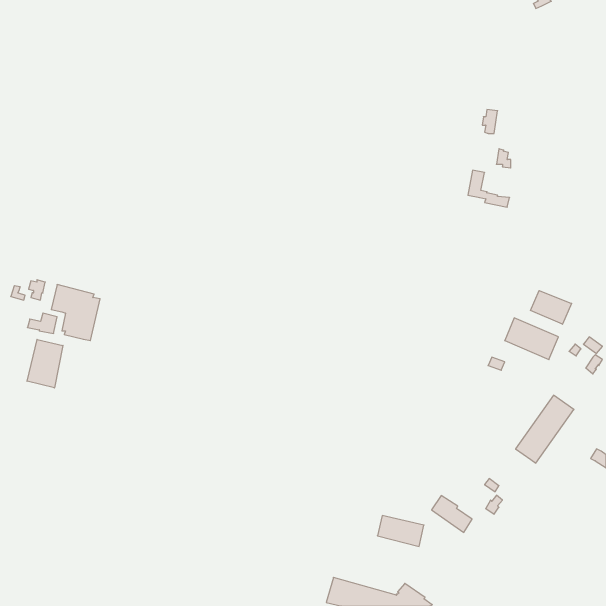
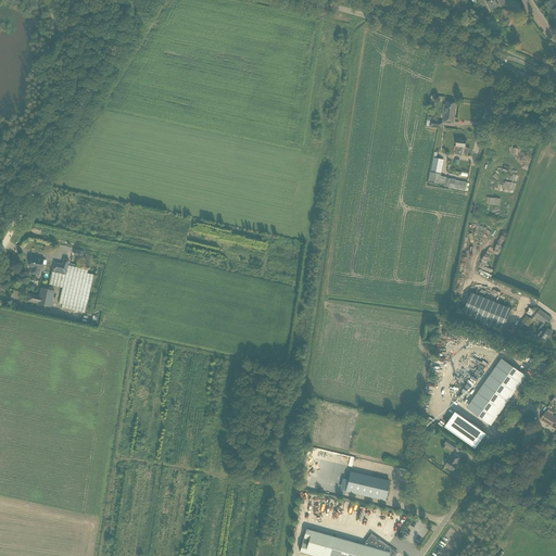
building: [531,291,572,324] -> none
building: [27,339,63,388] -> none
building: [432,496,472,532] -> [444,412,481,445]

